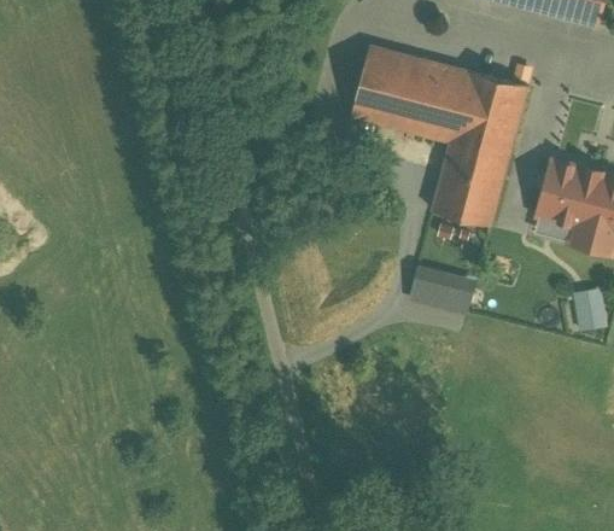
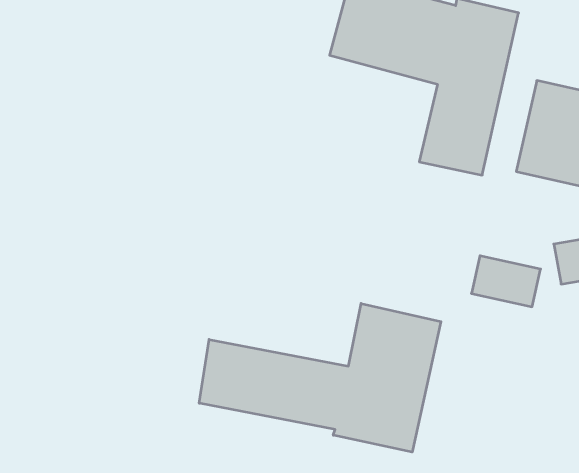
building: [403,273,472,323] -> [471,256,541,307]
building: none -> [199,303,441,452]

